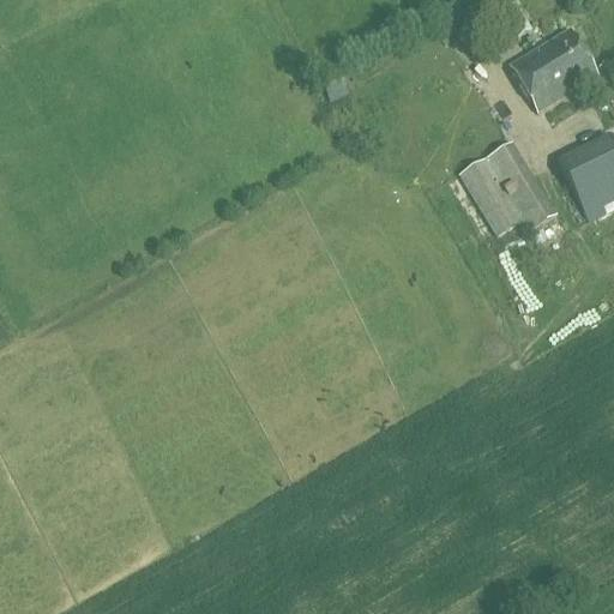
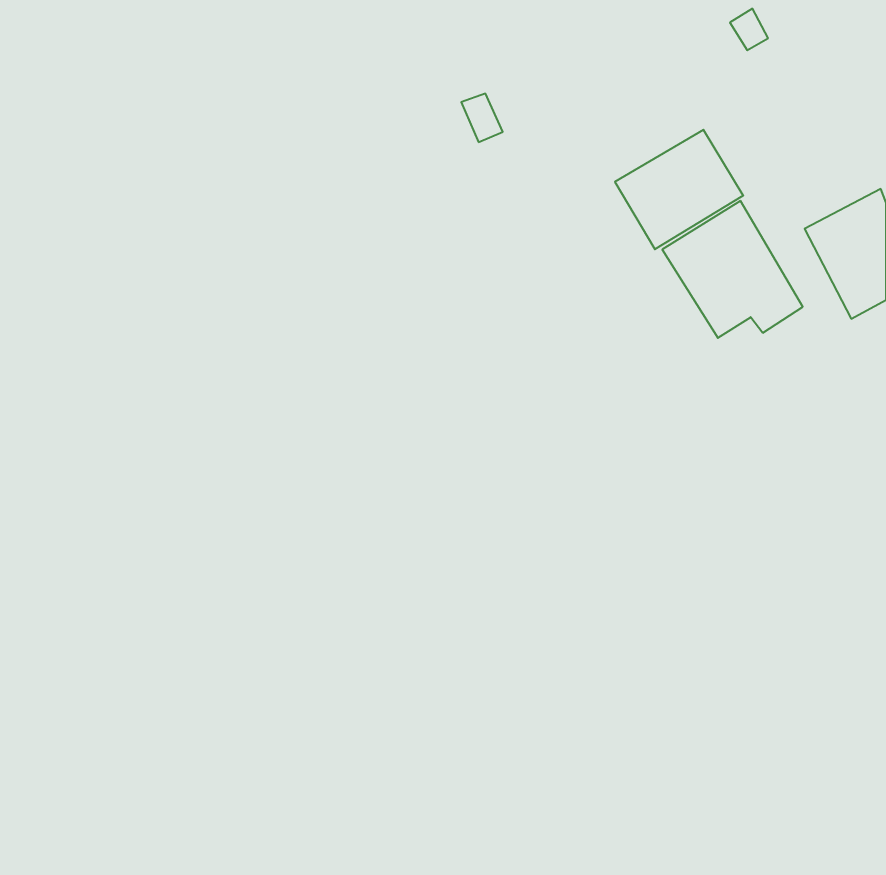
building: [510,26,598,109] -> [615,130,743,249]

